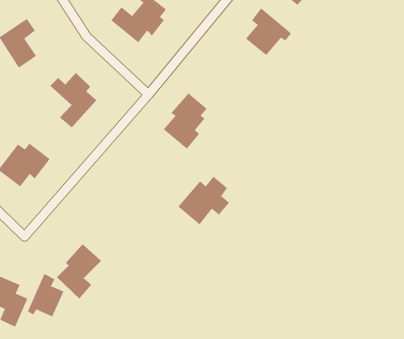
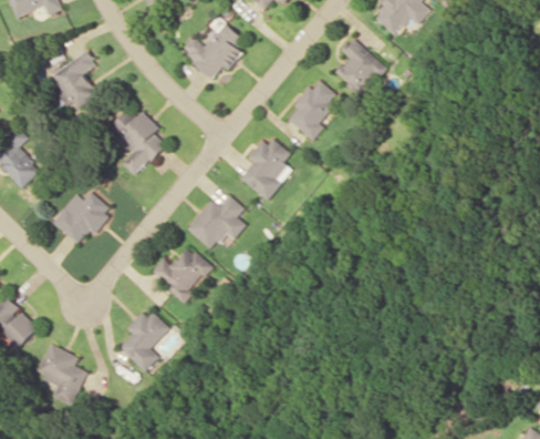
building: none -> [287,78,336,140]
building: [177,176,230,225] -> [187,193,247,249]
building: none -> [149,246,210,302]
building: [27,273,64,317] -> none

